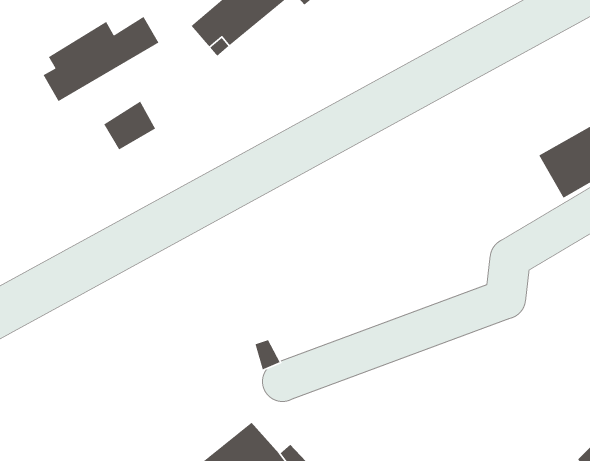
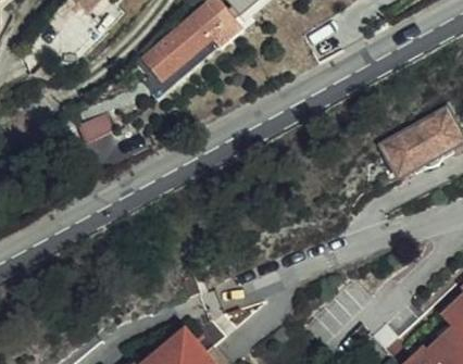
building: [43,16,160,102] -> none

